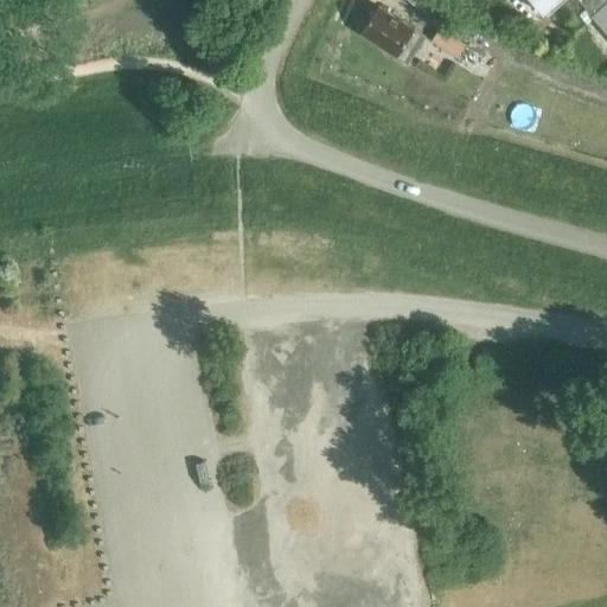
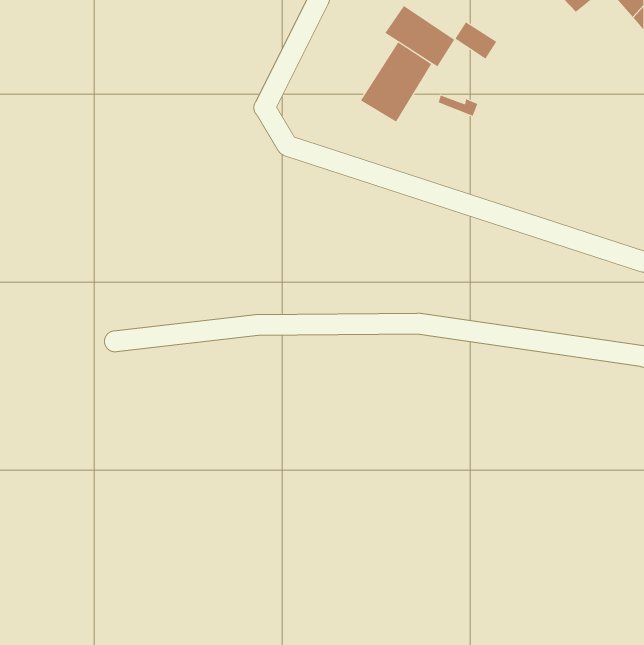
building: none -> [360,42,433,123]

